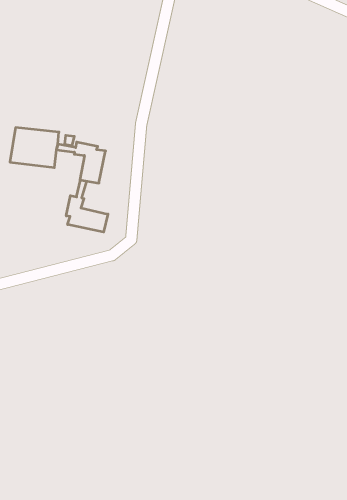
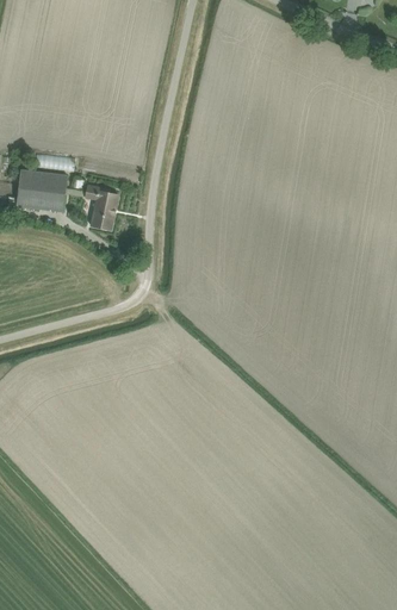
building: [66,180,108,232] -> none

